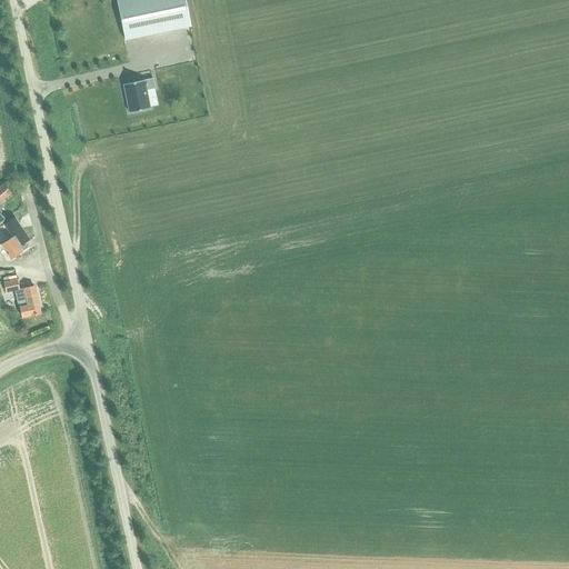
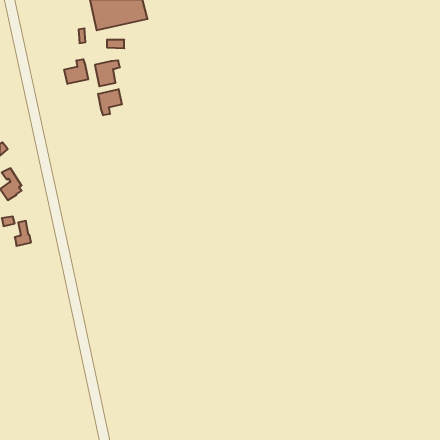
building: none -> [64,59,88,84]
building: none -> [98,89,122,115]

